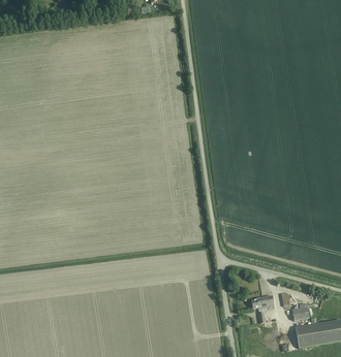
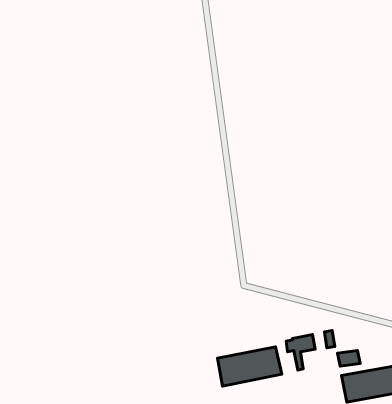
building: none -> [217,347,282,386]

